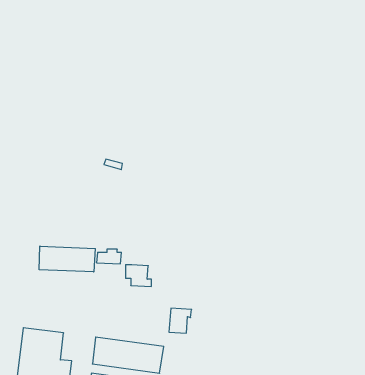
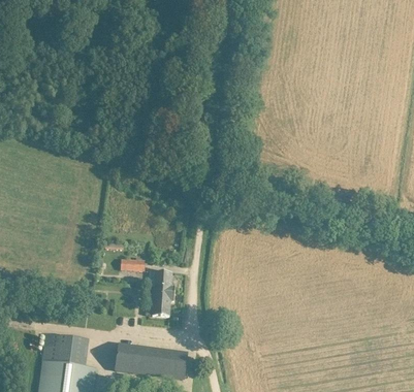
building: [39,246,95,272] -> none
building: [169,308,192,333] -> [151,292,173,317]

